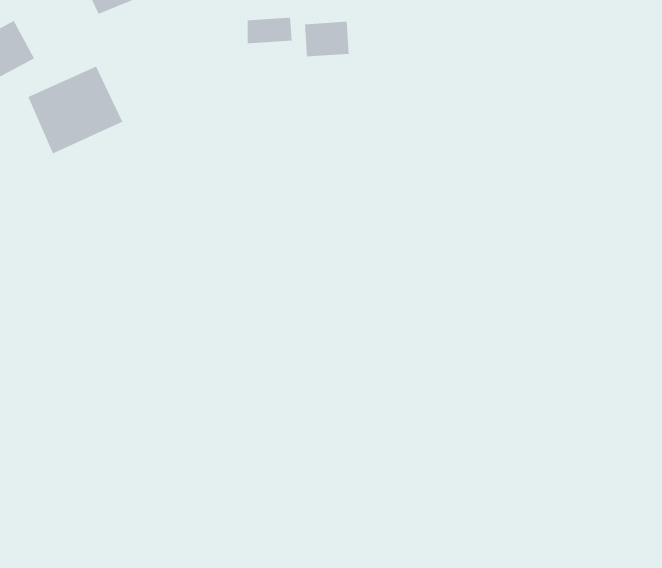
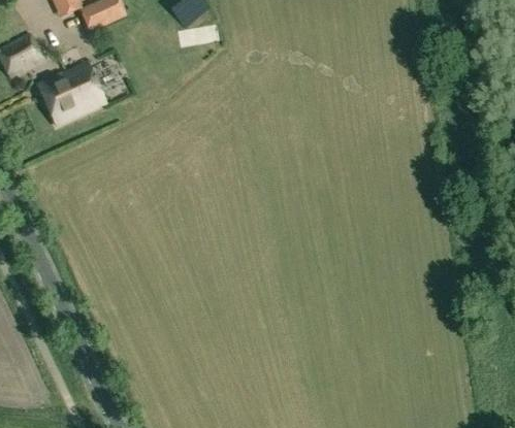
building: [305,21,349,57] -> none

